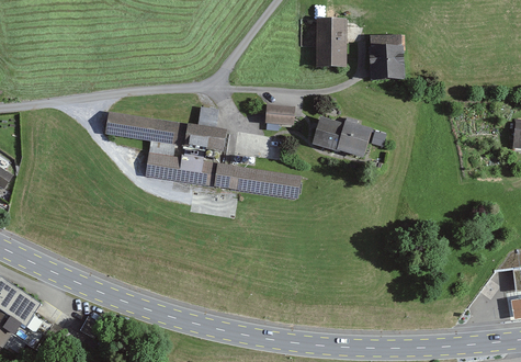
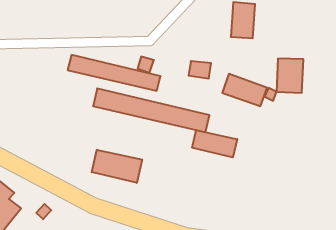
building: [369,34,405,81] -> [276,59,303,93]
building: none -> [192,130,237,157]
building: none -> [92,150,142,183]

